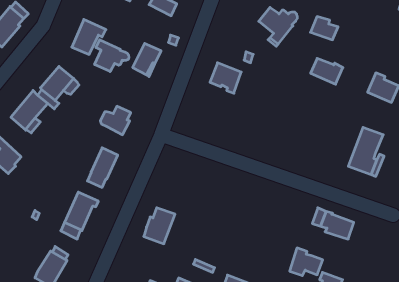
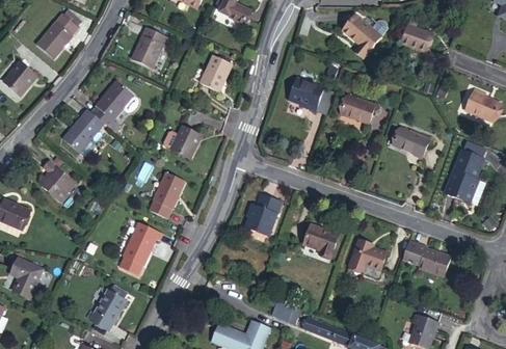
building: [95,40,129,72] -> none
building: [311,58,343,84] -> [393,128,429,157]
building: none -> [341,95,375,123]
building: none -> [303,224,339,257]
building: [144,208,175,244] -> [245,193,281,234]
building: [290,248,323,276] -> [349,239,387,270]

